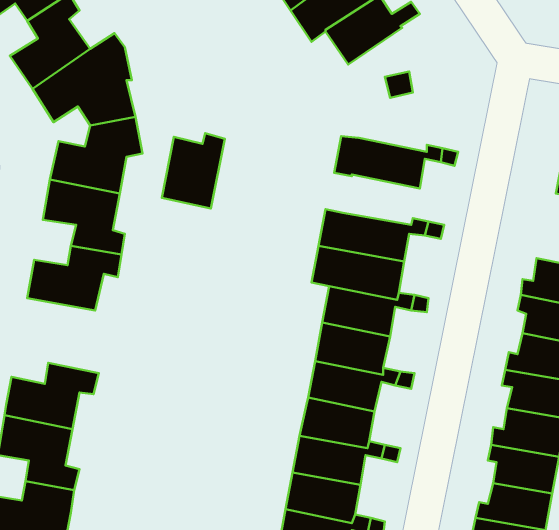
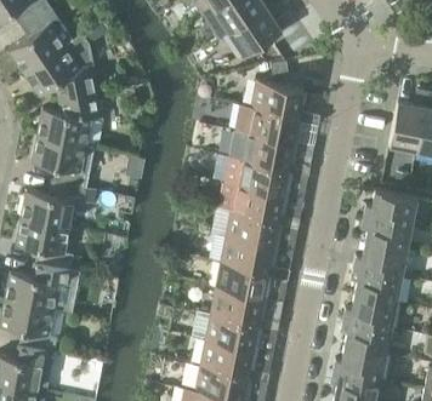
building: none -> [251,81,303,118]
building: [162,133,225,208] -> none
building: none -> [240,133,294,168]
building: none -> [16,219,73,271]

